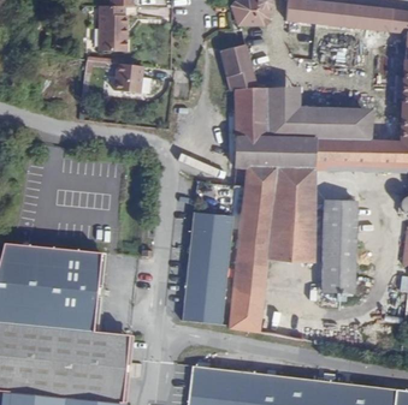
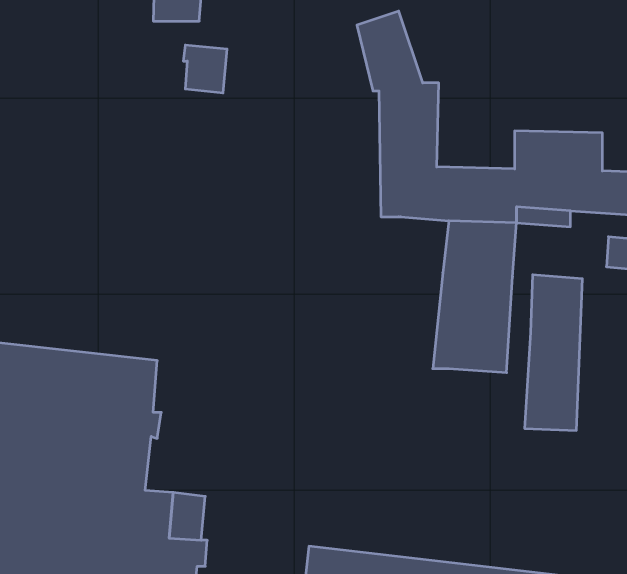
building: [268,85,369,137] -> none
building: [229,166,276,332] -> none
building: [182,212,233,326] -> none

